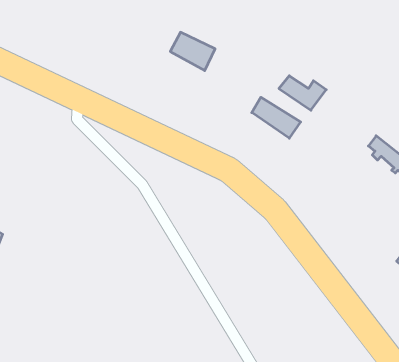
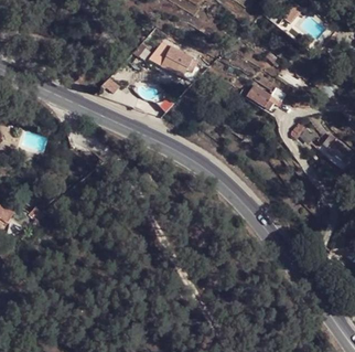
building: [252,97,301,138] -> none

